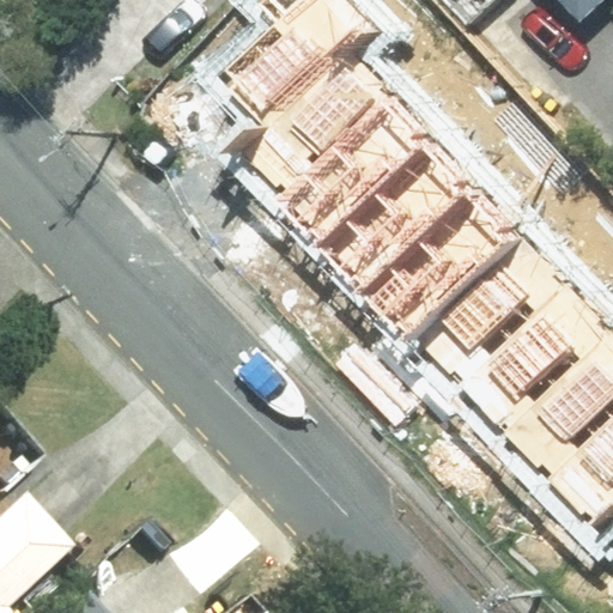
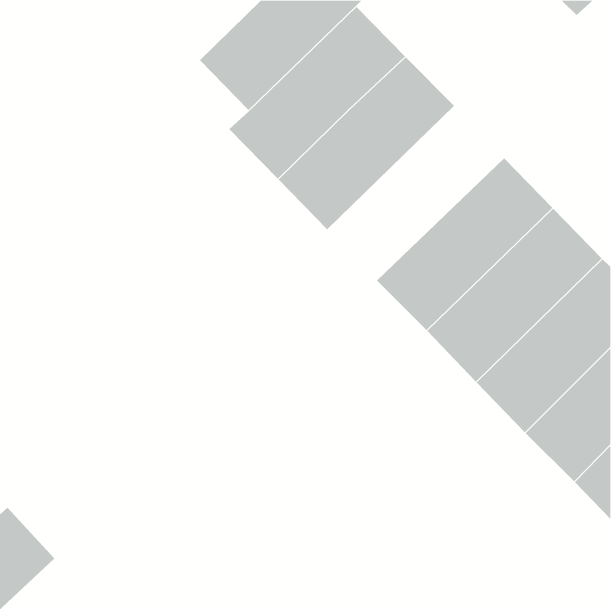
building: [318,122,491,292] -> none

